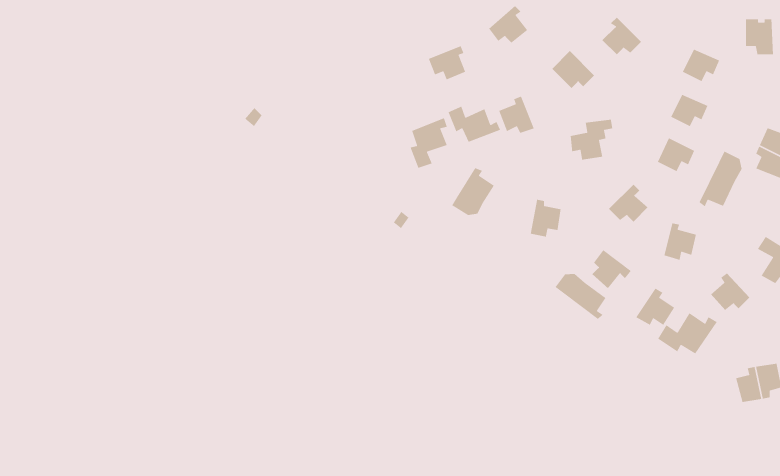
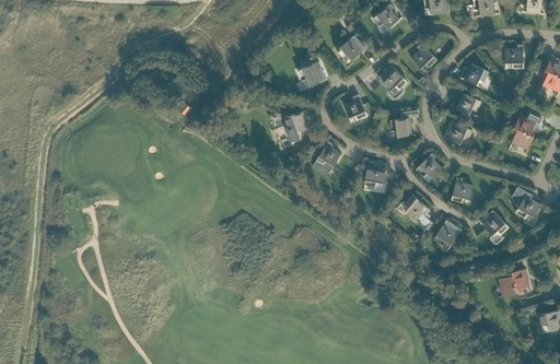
building: [448,105,501,143] -> none
building: [699,151,743,208] -> none
building: [554,273,607,320] -> none
building: [657,312,718,354] -> none

